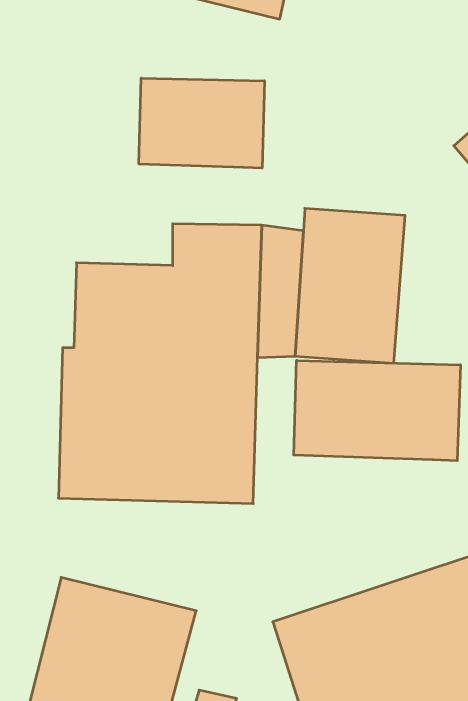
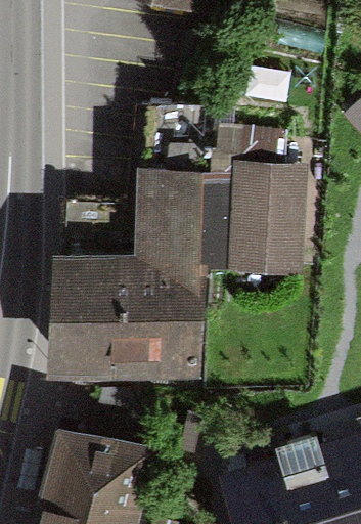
building: [139,78,264,168] -> none
building: [294,360,460,461] -> none

